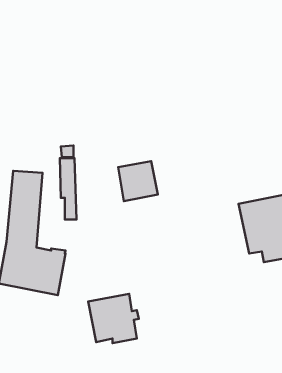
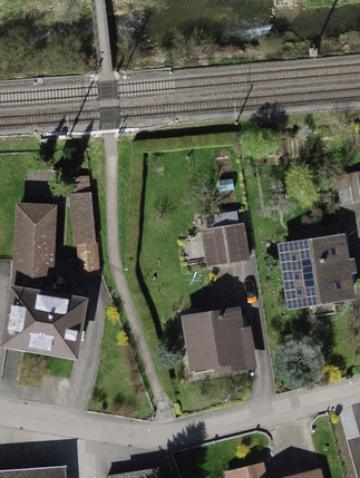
building: [118,161,158,201] -> [204,222,250,267]
building: [88,294,139,343] -> [187,312,245,369]

